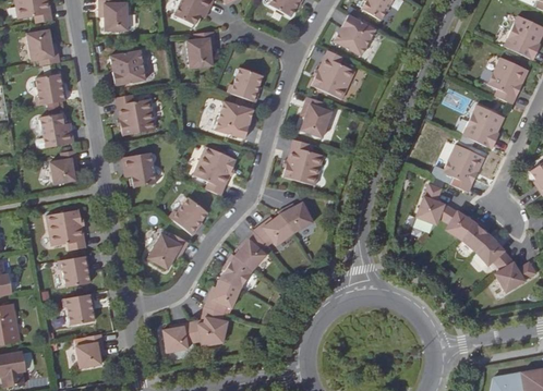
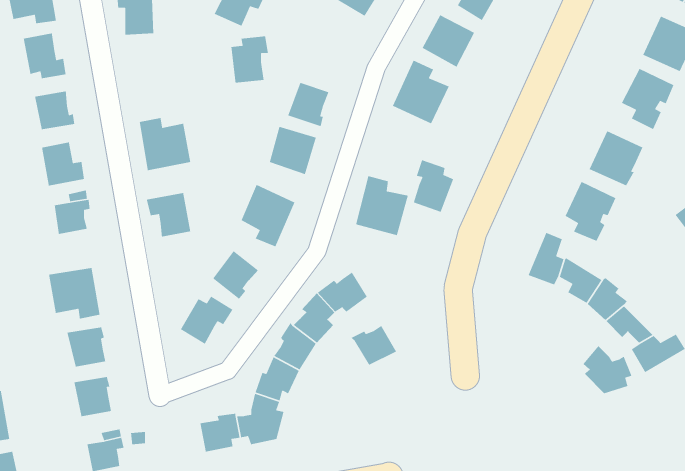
building: [109,50,145,85] -> none
building: [300,96,331,137] -> [413,159,454,213]
building: [278,200,314,232] -> [351,325,397,366]
building: none -> [582,345,633,394]

